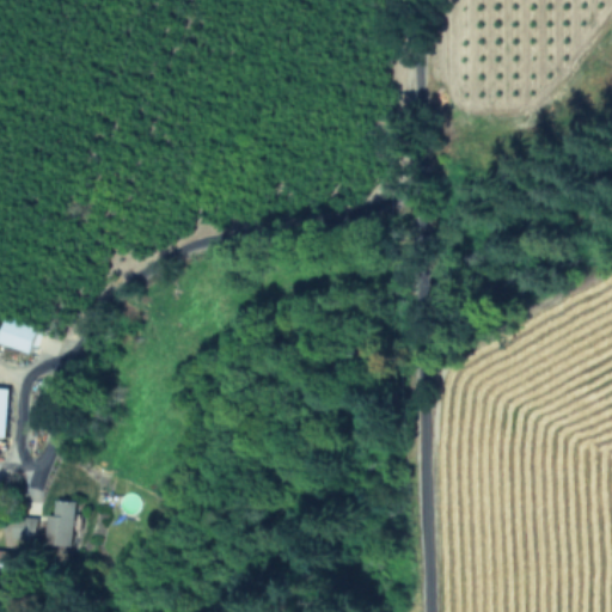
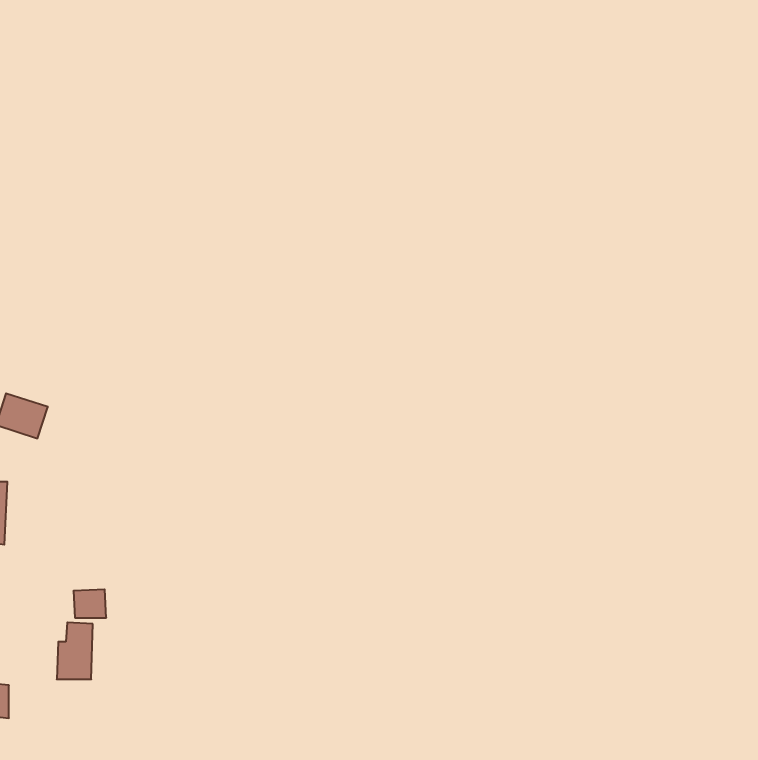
building: [10,518,36,540] -> [73,589,106,618]

